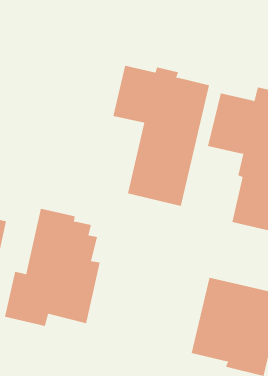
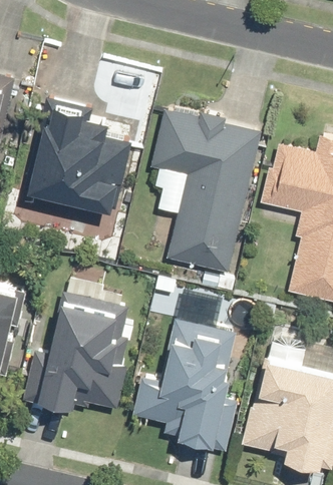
building: none -> [25,100,132,213]
building: none -> [132,320,238,449]

